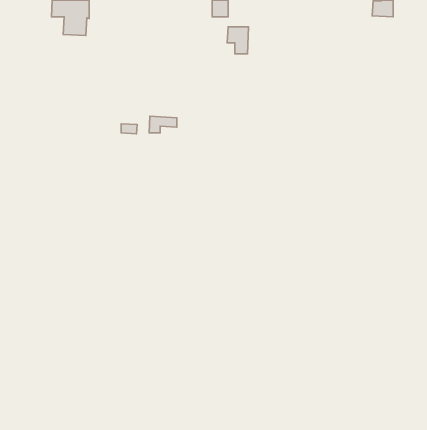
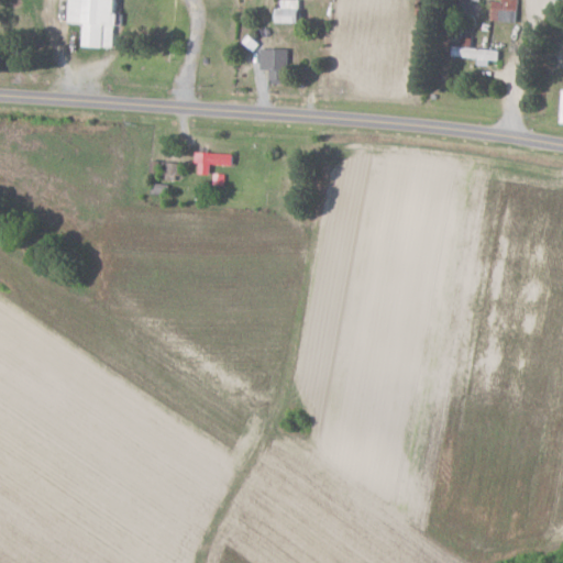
building: [227,27,248,54] -> [257,48,285,84]
building: none -> [451,37,497,66]

